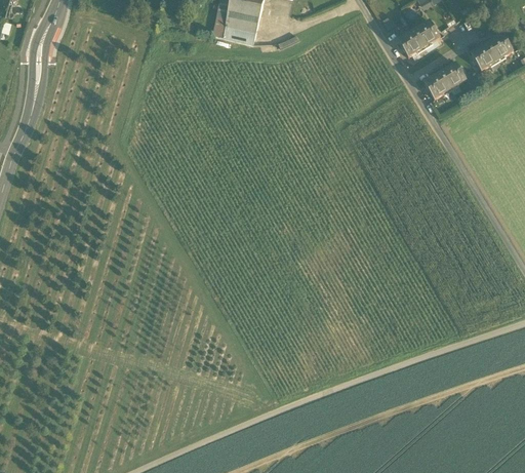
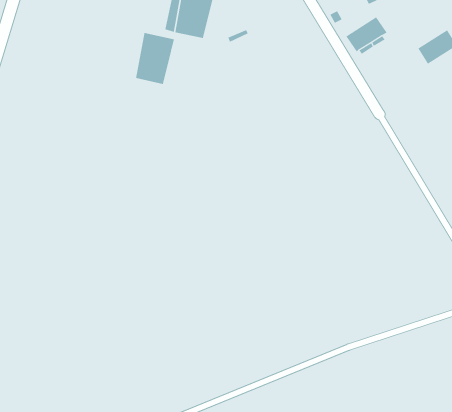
building: none -> [136,32,175,85]
building: [426,63,467,97] -> none

